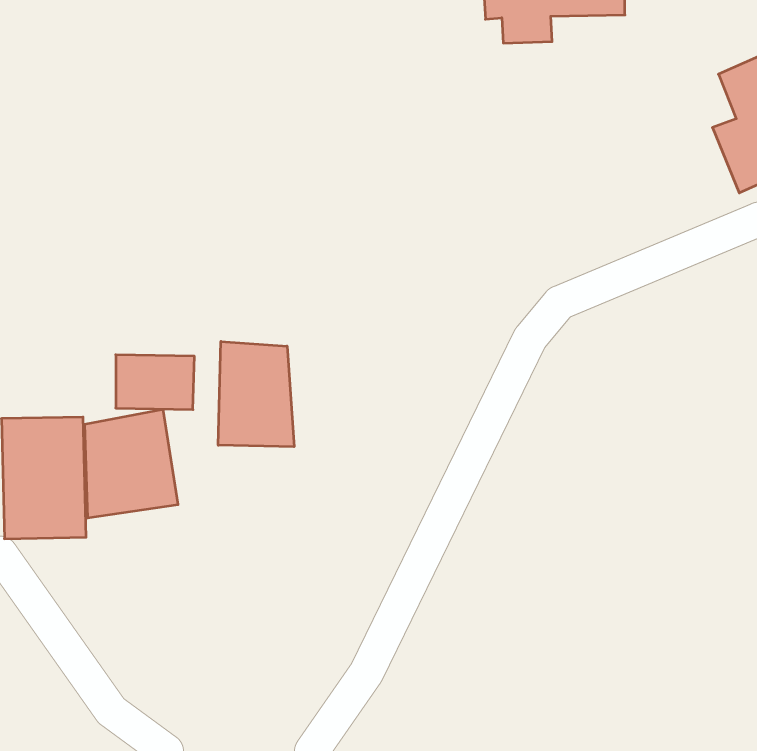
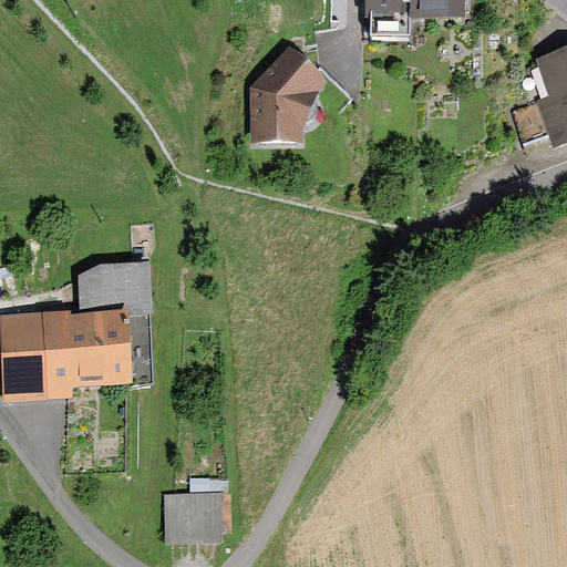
building: none -> [248,44,328,146]
building: [218,341,294,447] -> none
building: none -> [169,491,220,540]

